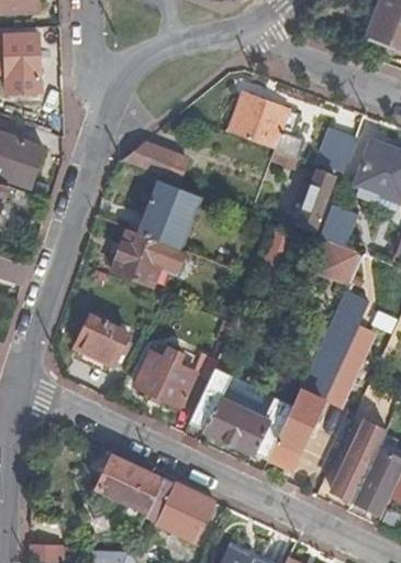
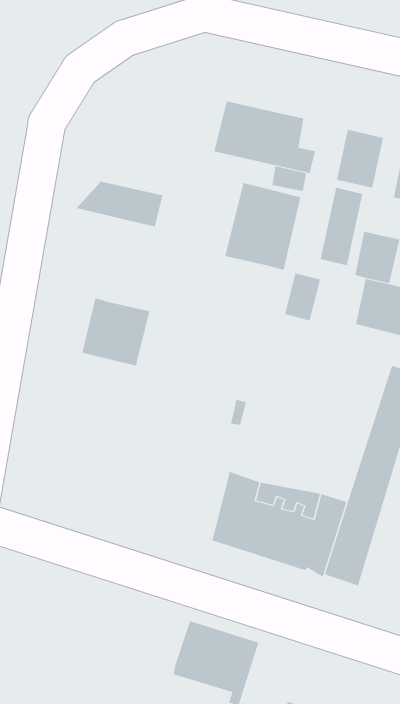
building: [136,181,199,251] -> [224,183,301,271]
building: [77,318,126,365] -> none
building: [134,347,214,410] -> none
building: [98,455,165,510] -> none

